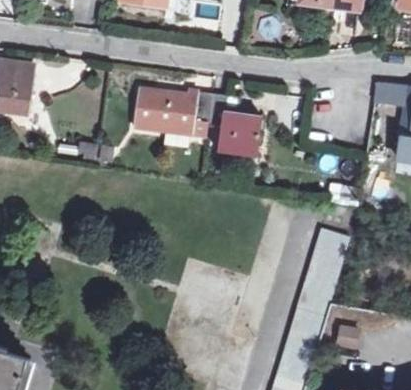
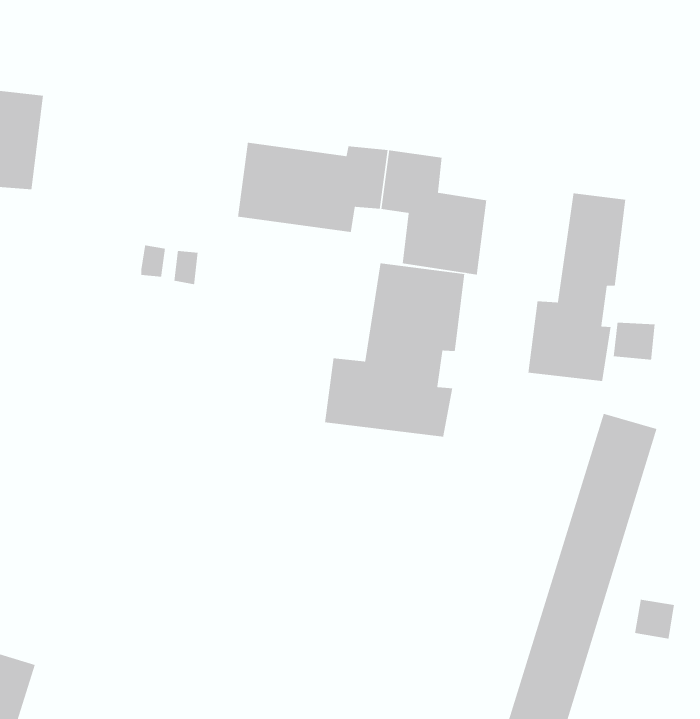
building: none -> [528,192,626,382]
building: none -> [324,263,465,437]

